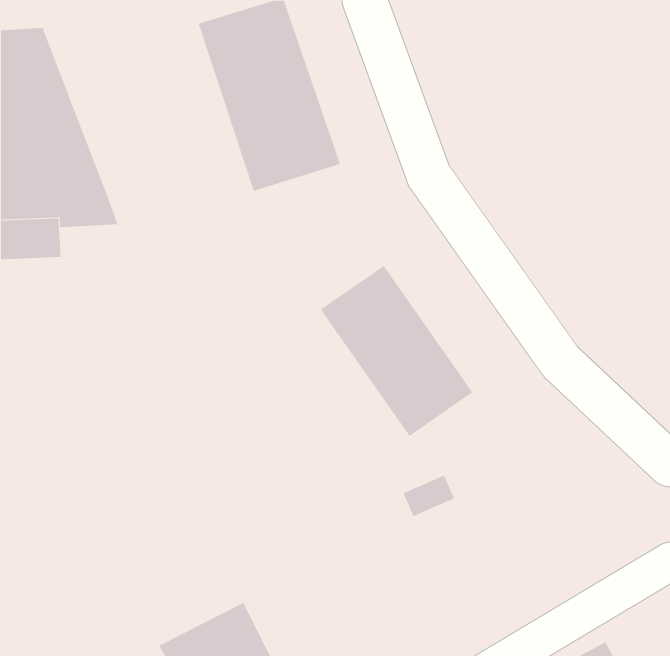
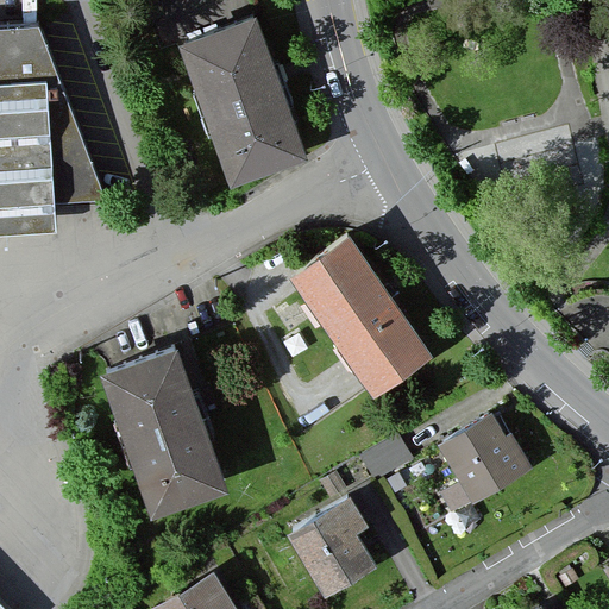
building: none -> [95,352,221,521]
building: none -> [433,404,530,500]
building: none -> [287,482,397,592]

